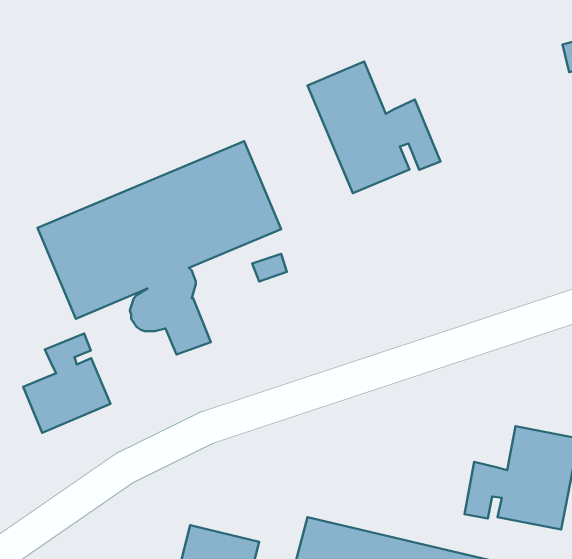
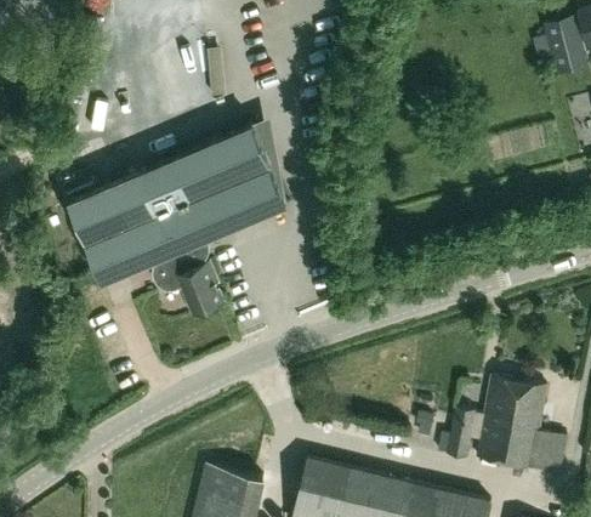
building: [307,62,440,193] -> none
building: [23,333,111,433] -> none

